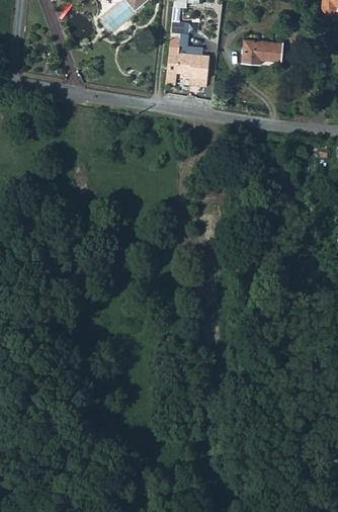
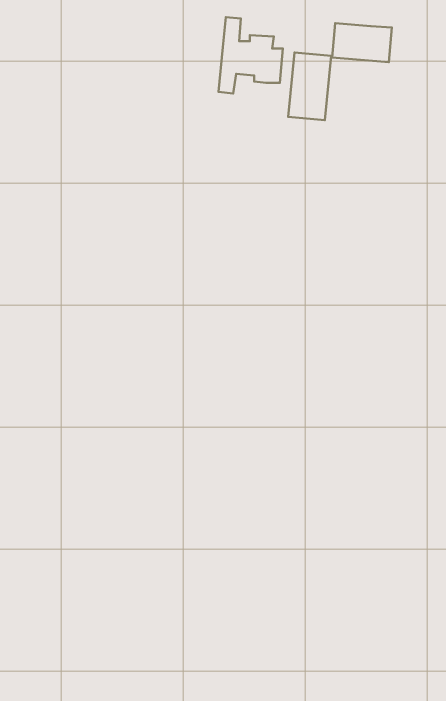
building: none -> [288,53,331,120]

